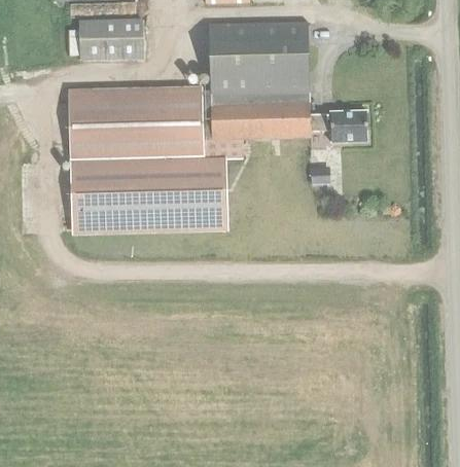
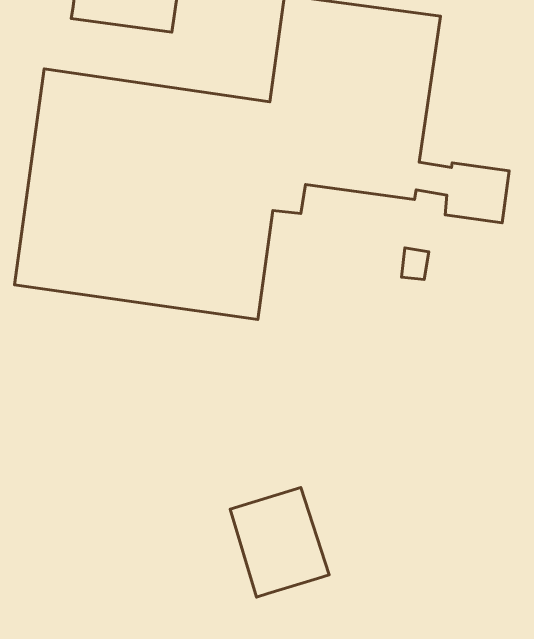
building: none -> [230,488,329,597]

